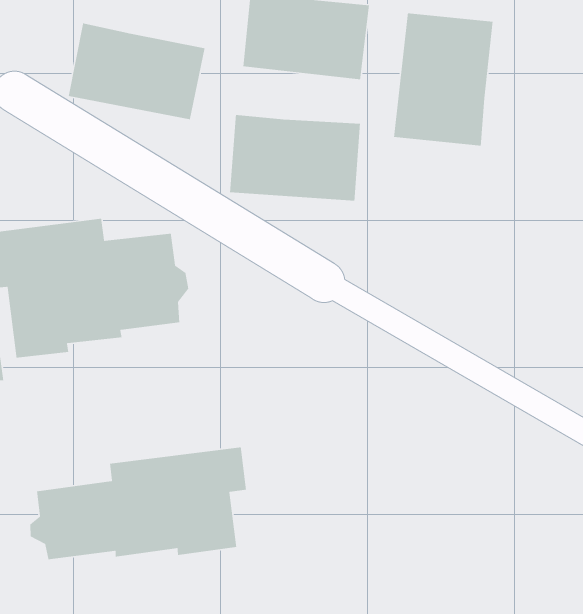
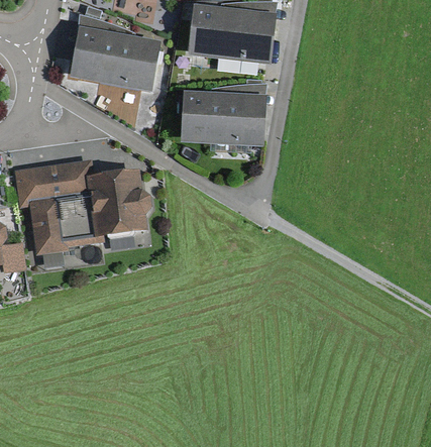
building: [393,13,494,147] -> none
building: [29,447,247,560] -> none

